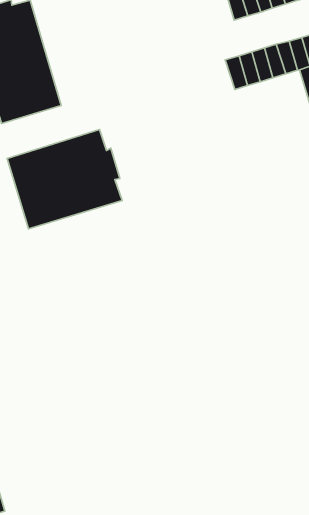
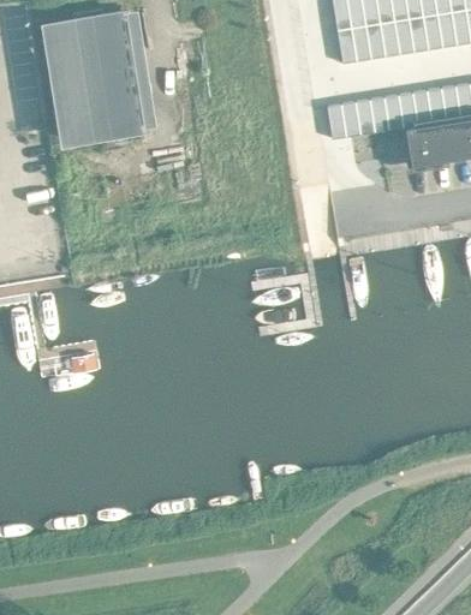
building: [7,130,122,229] -> none

